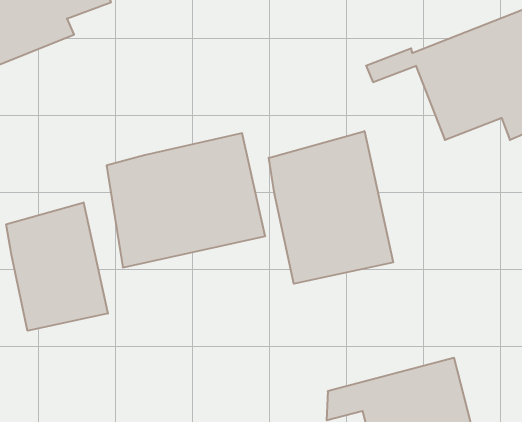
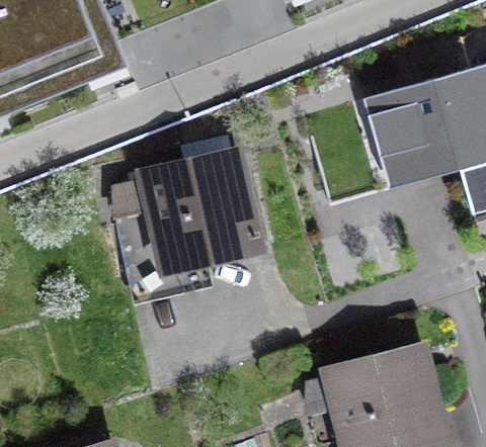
building: [269,131,393,284] -> none
building: [6,202,108,331] -> none

